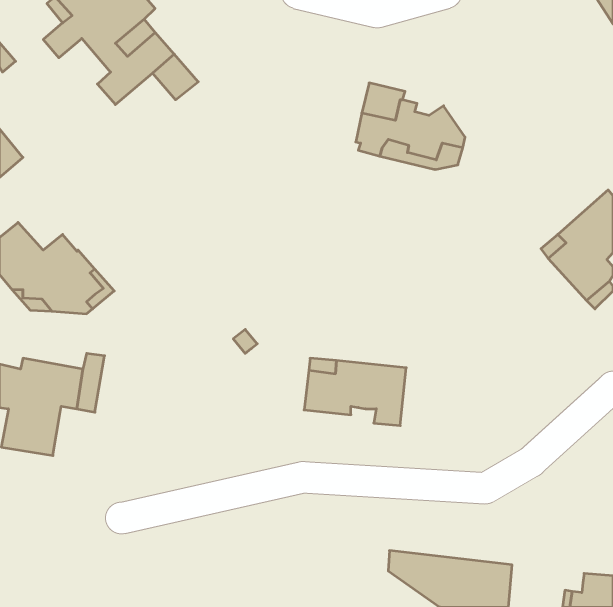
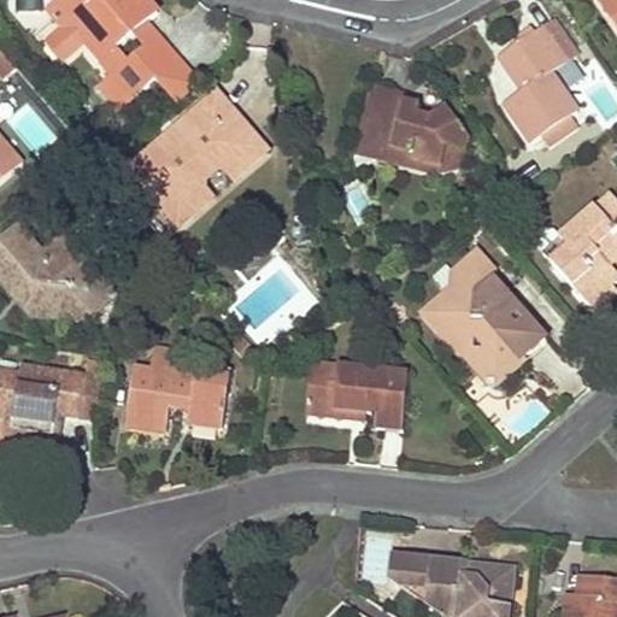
building: none -> [499,18,577,141]
building: none -> [129,90,265,222]
building: none -> [425,249,546,383]
building: none -> [125,348,231,424]

